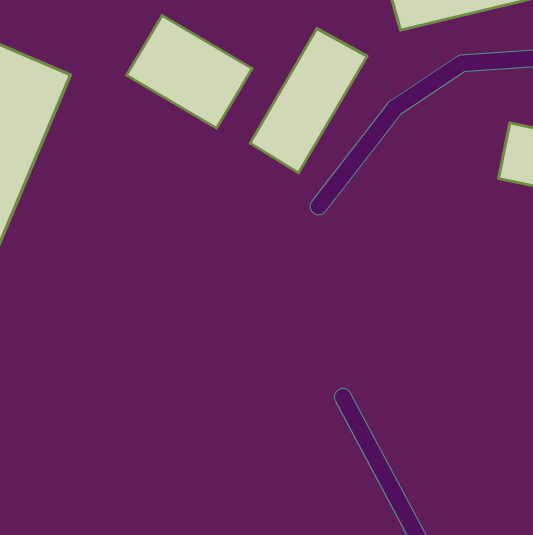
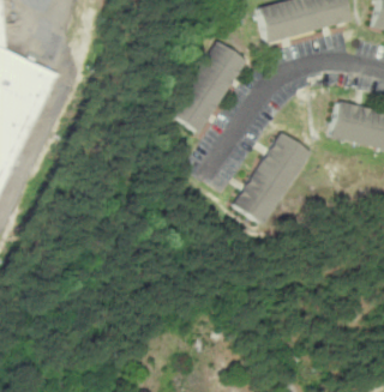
building: [126,15,252,128] -> none
building: none -> [233,132,310,225]

